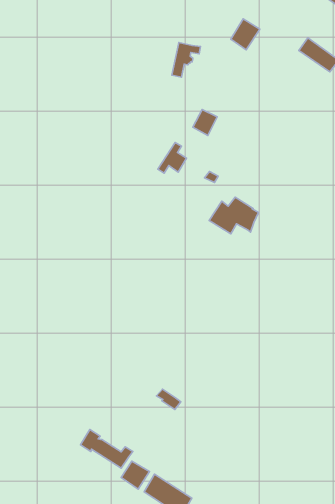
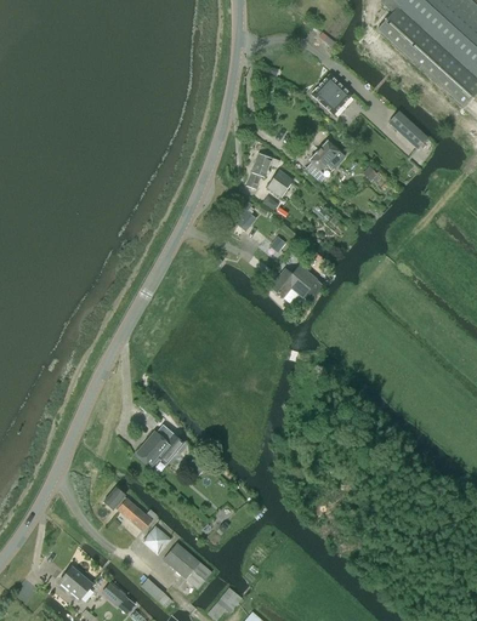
building: [172,43,201,77] -> [245,152,279,188]
building: none -> [305,139,343,182]
building: none -> [136,423,183,465]

